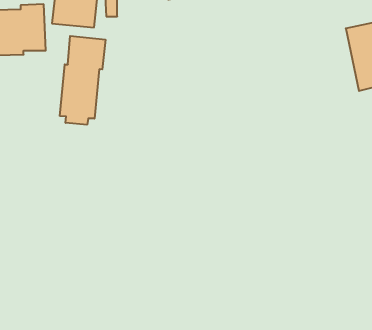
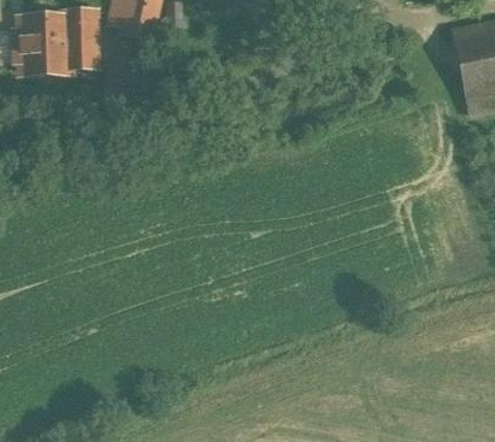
building: [60,36,105,125] -> none

